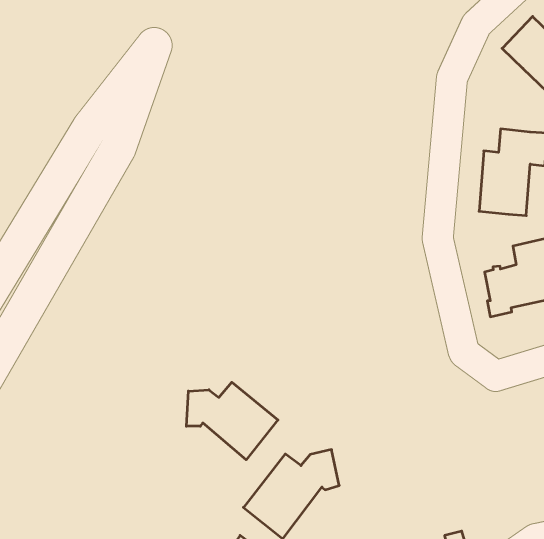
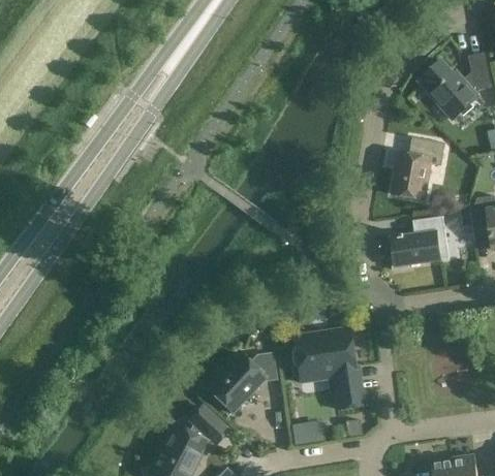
building: [186,382,278,460] -> none
building: none -> [293,327,365,409]

